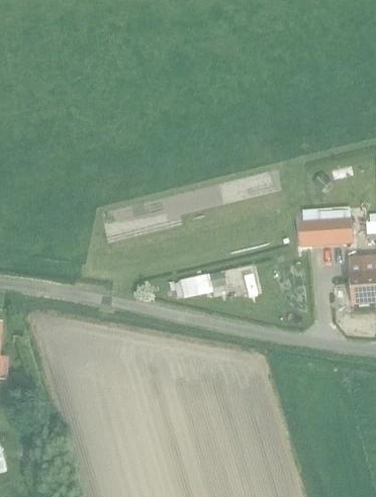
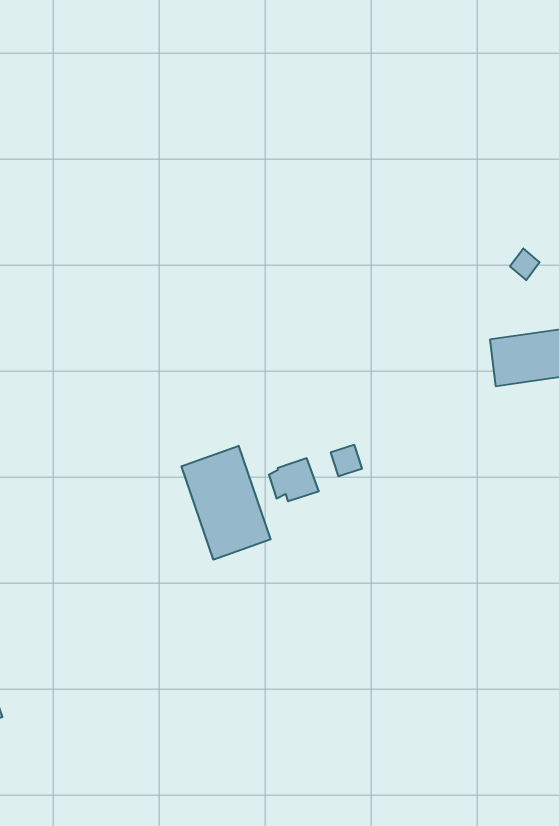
building: none -> [182,446,271,560]

